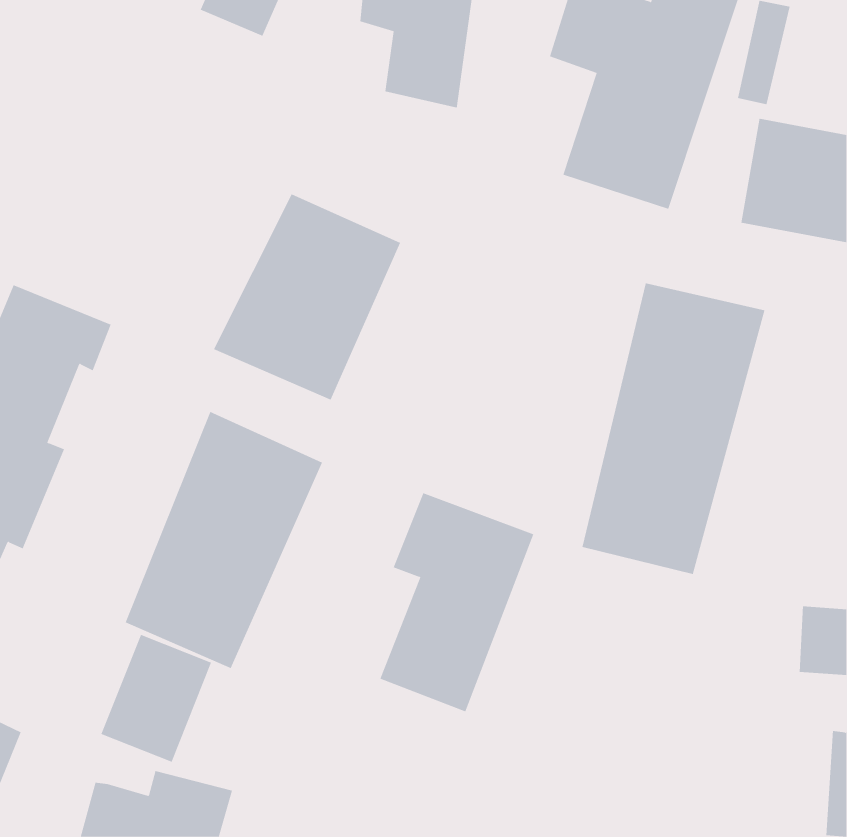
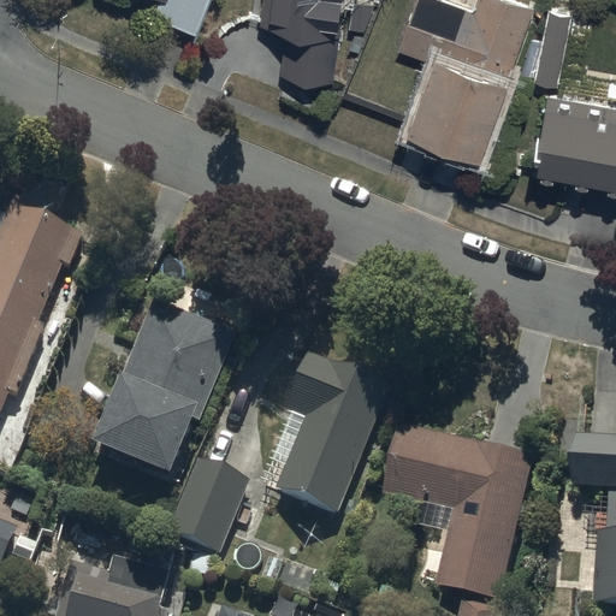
building: [213,193,401,401] -> none
building: [582,282,765,575] -> none
building: none -> [389,425,535,597]
building: [100,634,212,762] -> [167,460,248,552]

